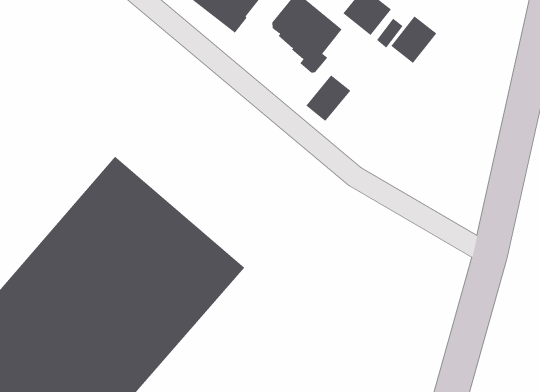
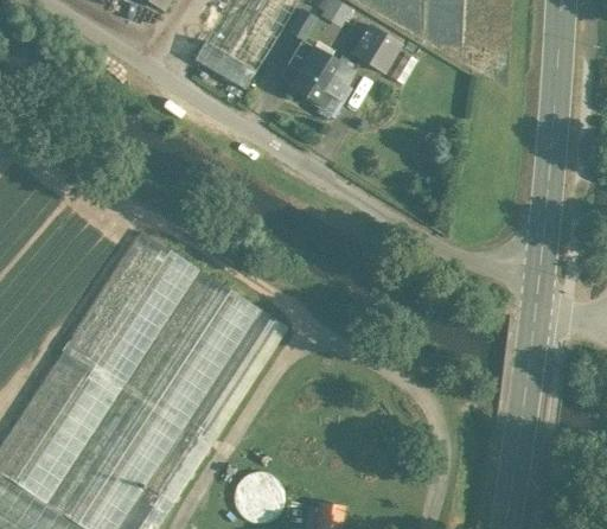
building: [390,16,437,64] -> none
building: [305,75,351,122] -> none

